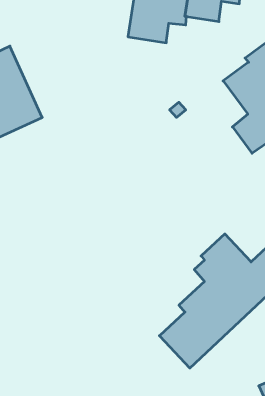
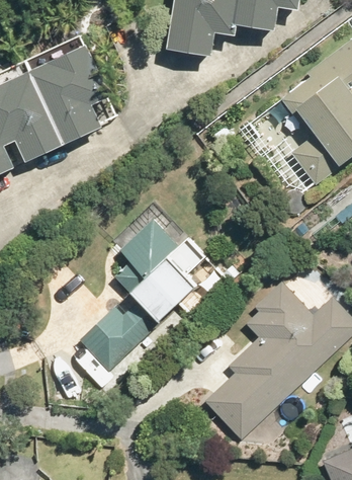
building: none -> [27,34,118,143]
building: none -> [80,220,203,372]

